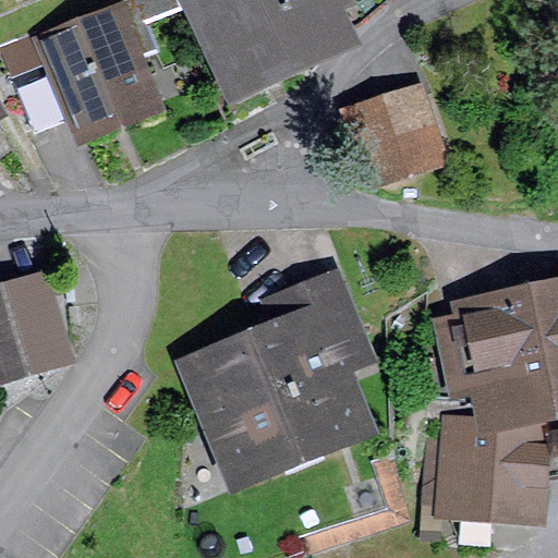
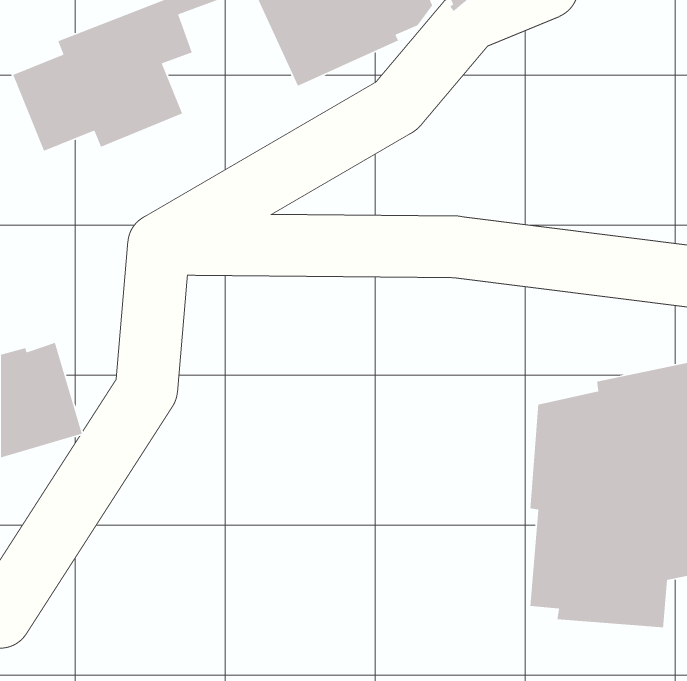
building: [356,87,444,172] -> none
building: [209,276,362,456] -> none

